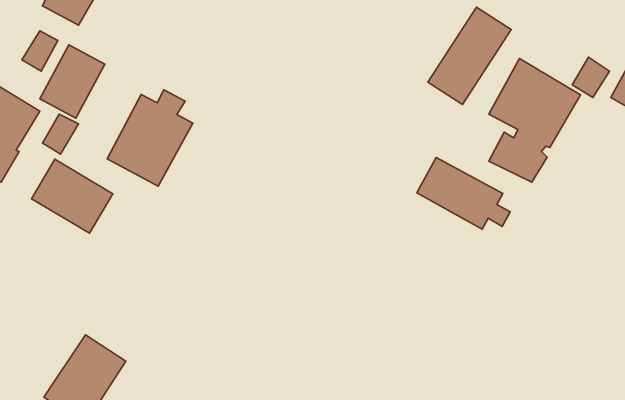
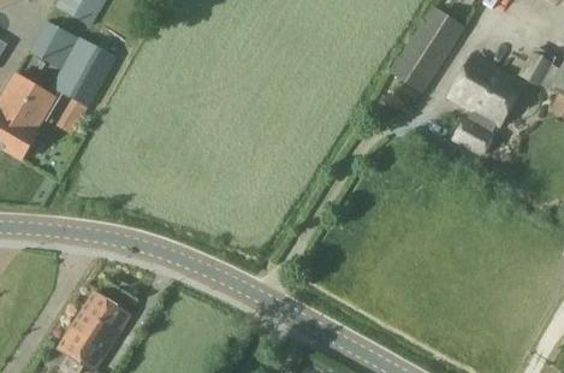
building: [107,90,193,186] -> none
building: [417,158,510,229] -> none
building: [31,159,113,233] -> none

